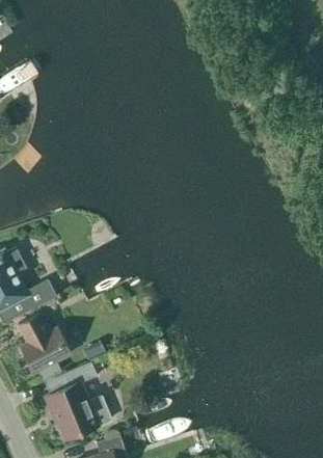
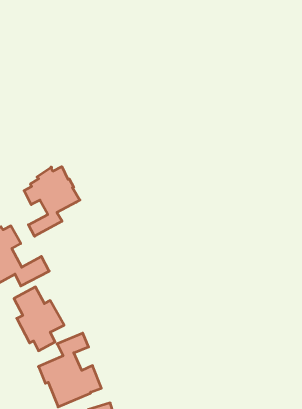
building: none -> [24,167,80,236]

